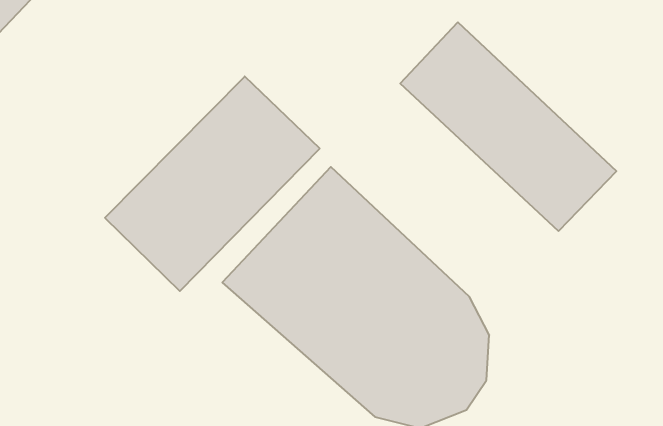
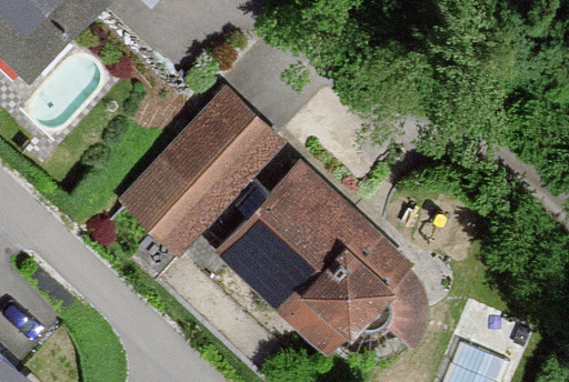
building: [400,22,616,231] -> none

